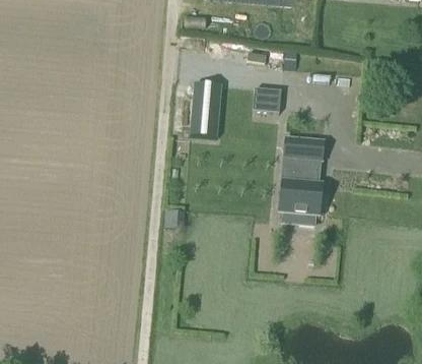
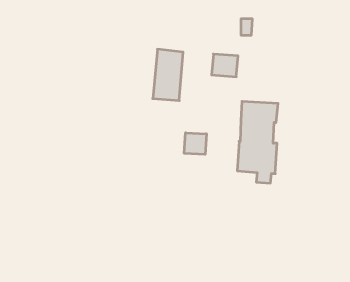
building: none -> [184,133,206,154]

